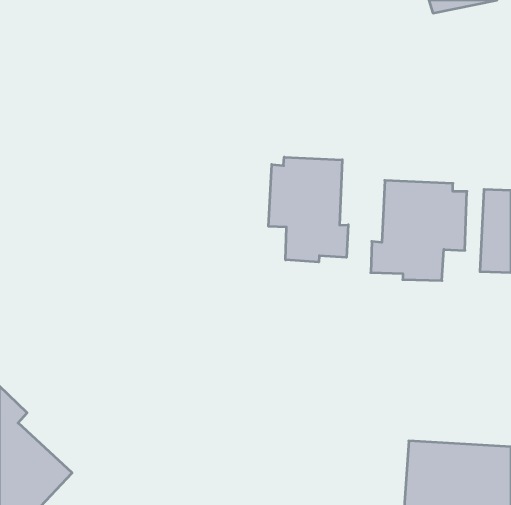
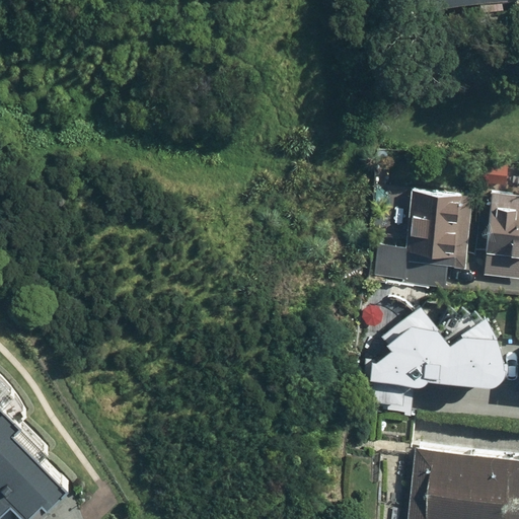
building: [269,157,348,262] -> none
building: none -> [365,310,503,405]

